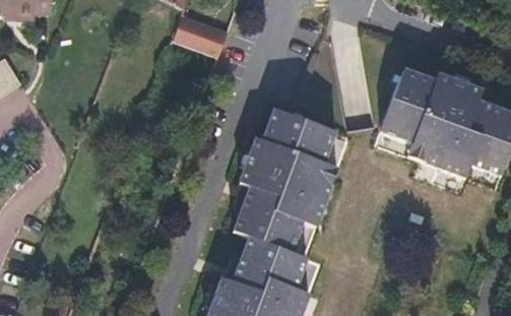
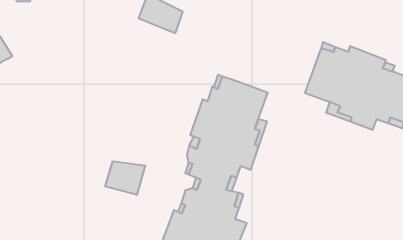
building: none -> [105,161,145,195]

